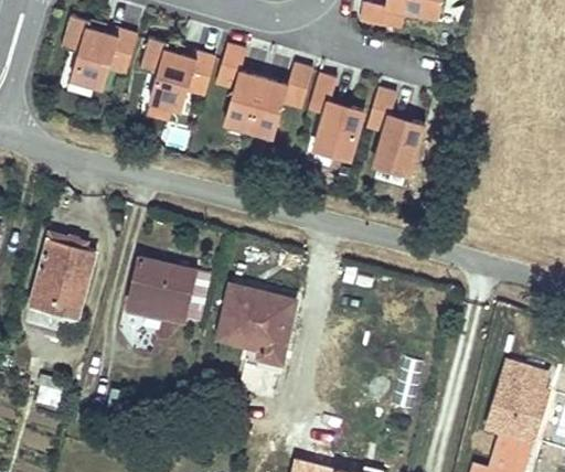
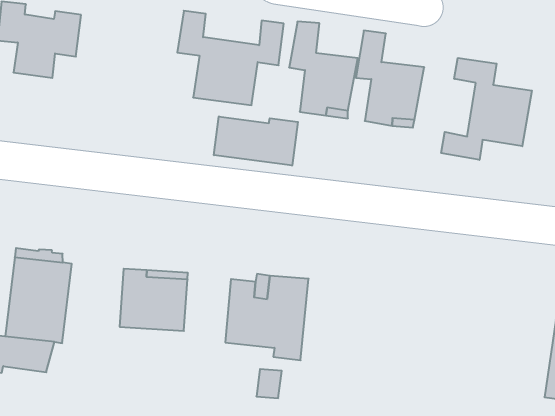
building: [138,36,214,108] -> none
building: none -> [441,58,532,160]
building: none -> [214,116,298,166]

